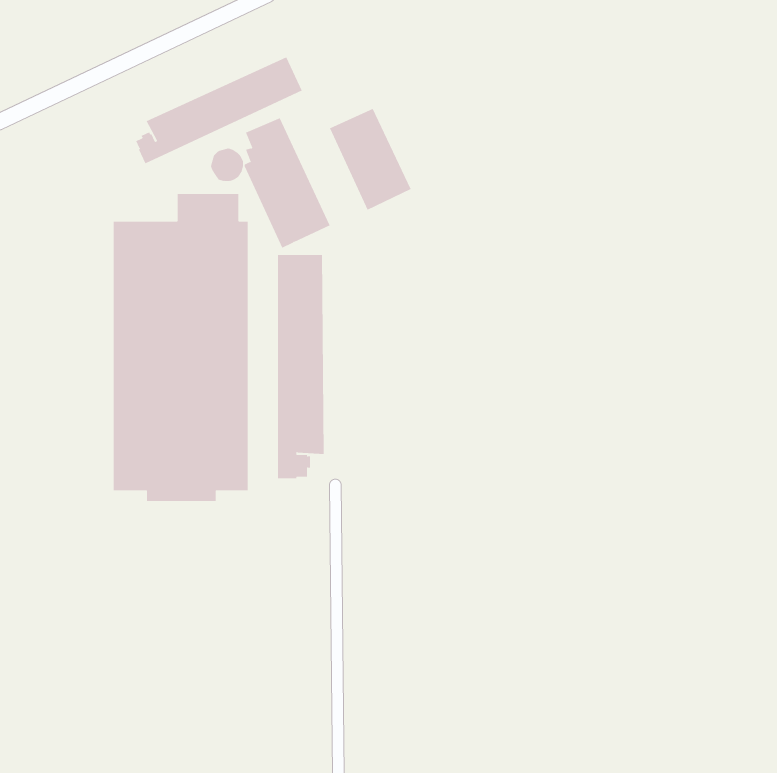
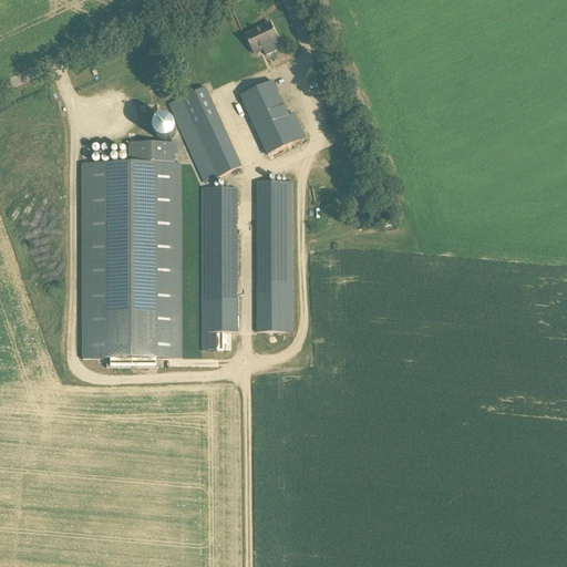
building: none -> [244,20,277,51]
building: [135,57,302,164] -> none
building: none -> [256,178,291,330]

